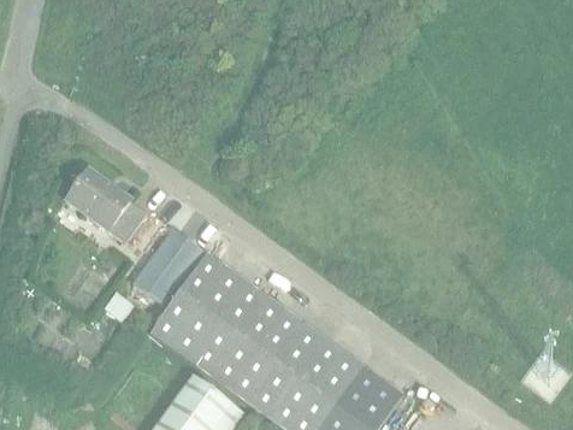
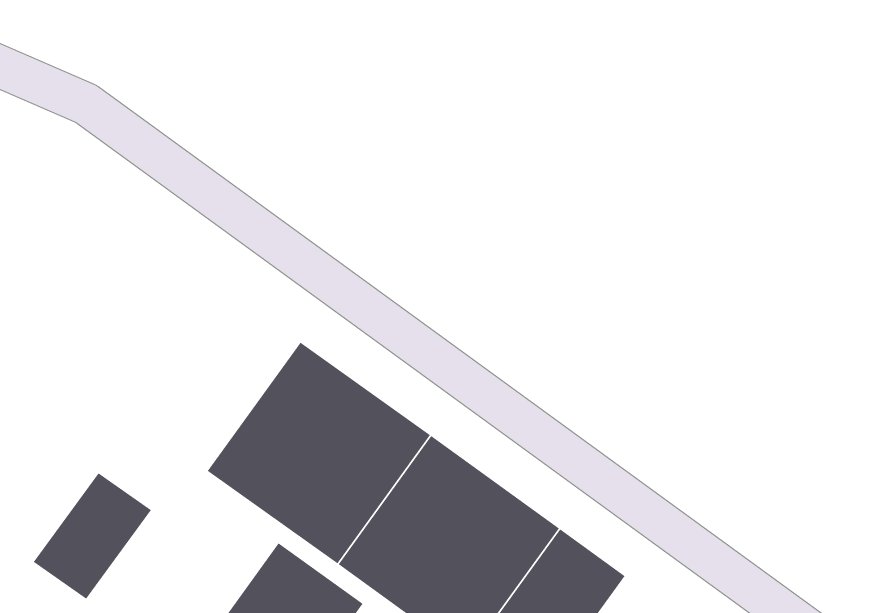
building: [66,167,148,242] -> none
building: [134,230,206,307] -> [33,472,152,599]

